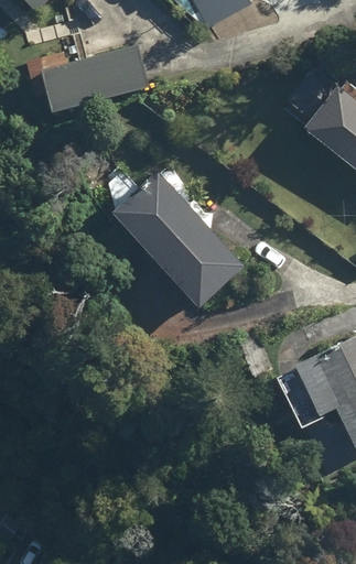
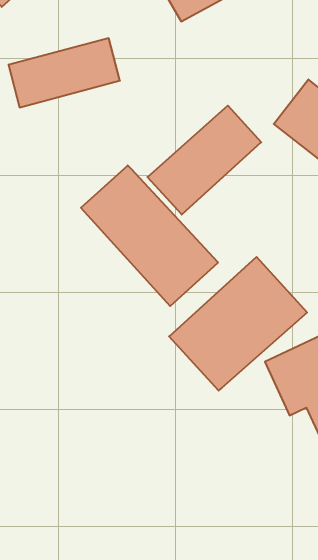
building: none -> [147,106,261,215]
building: none -> [169,257,307,391]

